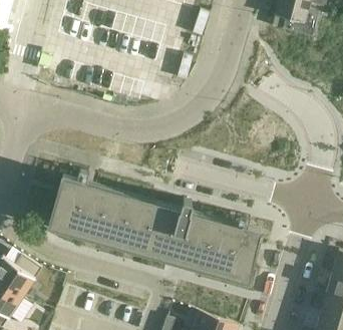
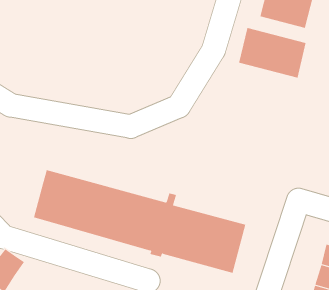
building: none -> [238,27,306,78]

